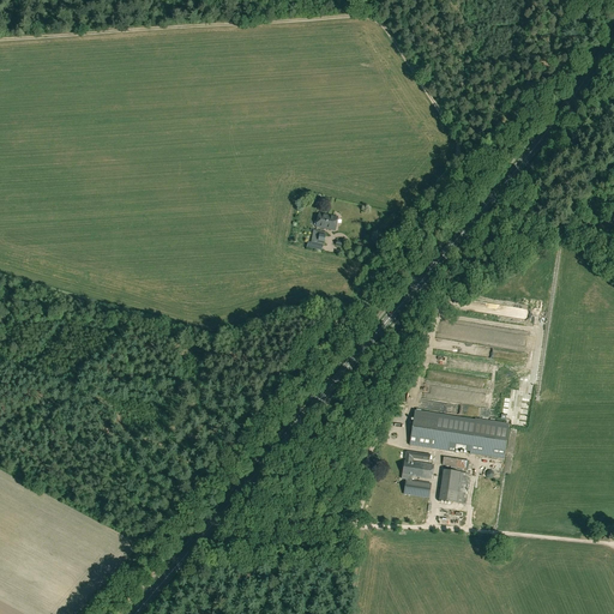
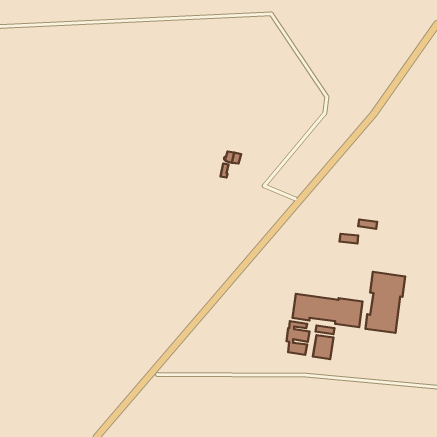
building: none -> [365,272,405,333]

